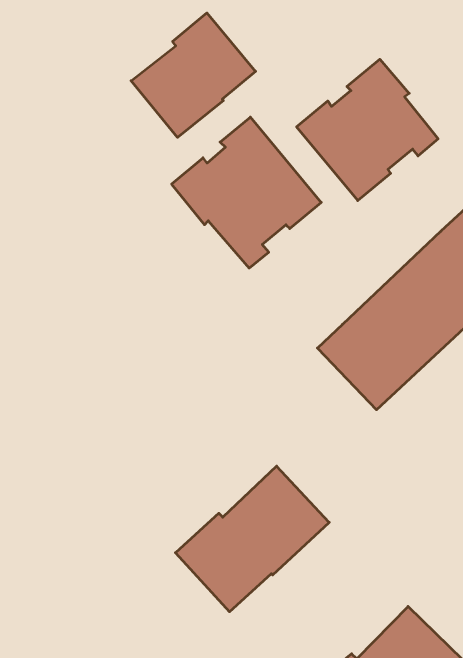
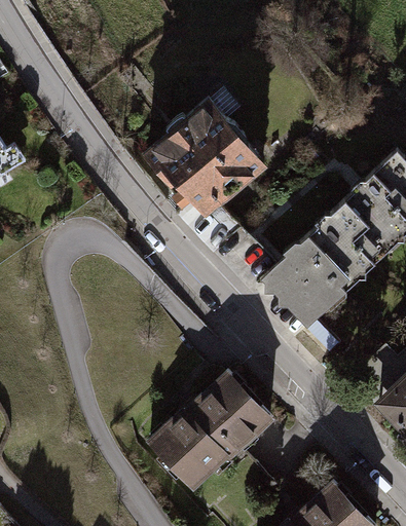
building: [131,13,256,137] -> none
building: [297,59,438,201] -> none

